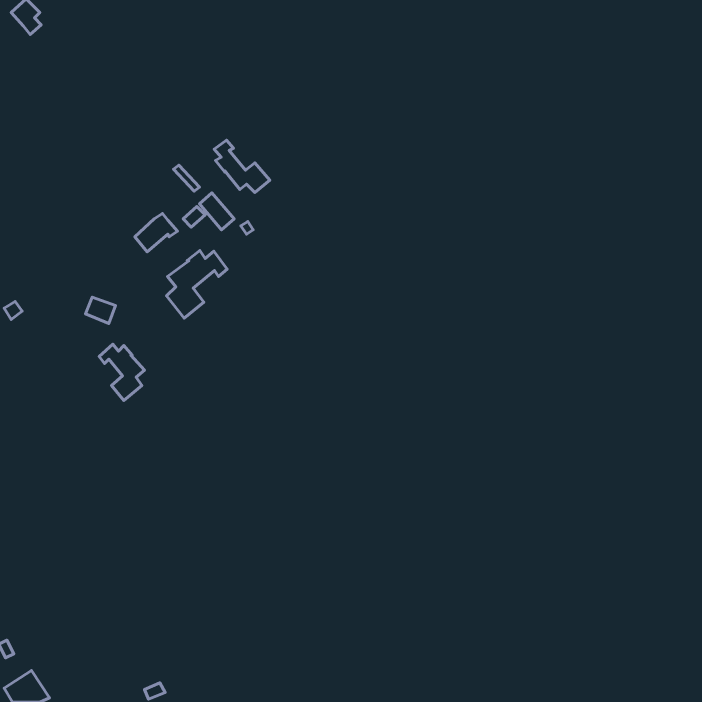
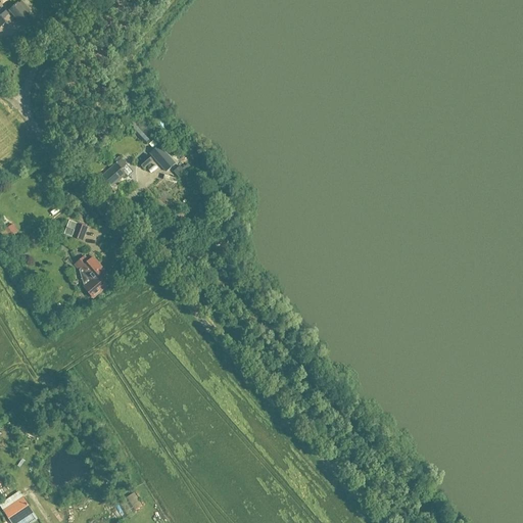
building: [214,140,270,192] -> none
building: [167,251,227,318] -> none

